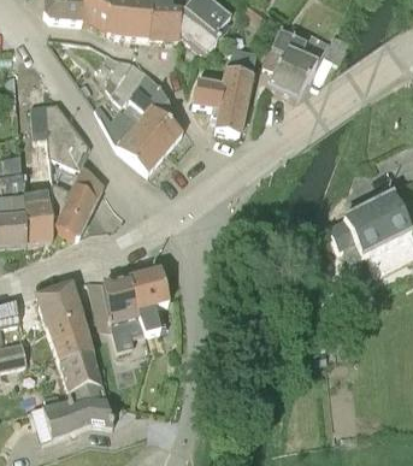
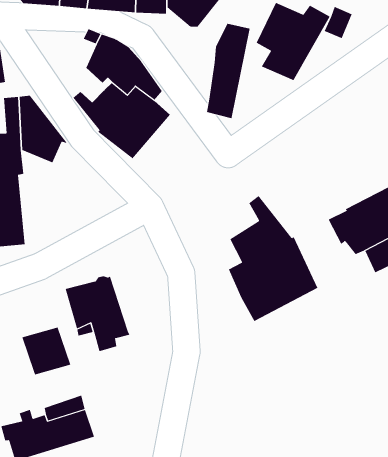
building: [194,76,224,114] -> none
building: [51,176,104,246] -> none
building: none -> [228,195,318,322]
building: [129,267,170,329] -> none
building: [36,291,81,334] -> none
building: [59,359,102,399] -> none

